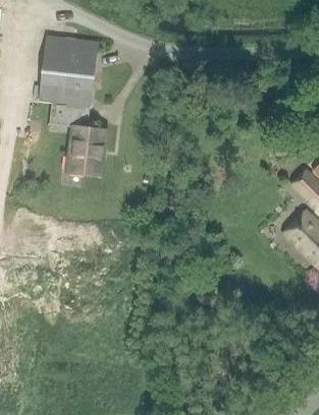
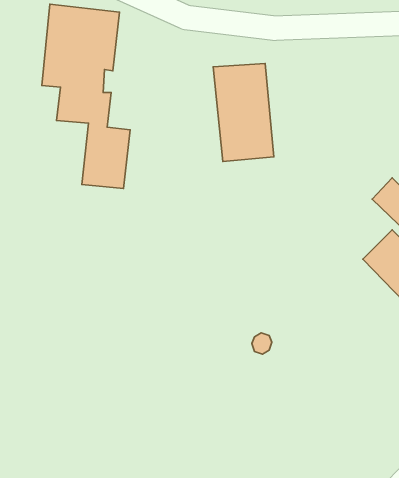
building: none -> [213,63,274,162]

